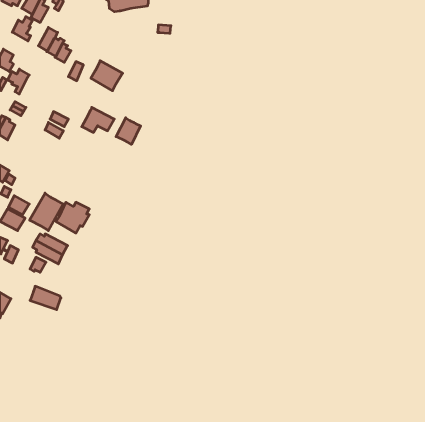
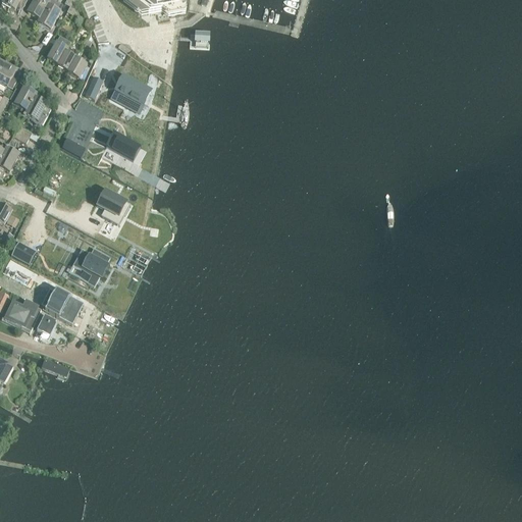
building: [12,17,32,41] -> none
building: none -> [23,95,51,123]
building: [116,118,141,144] -> none
building: none -> [97,190,129,222]
building: [30,193,63,231] -> none
building: none -> [15,301,41,332]

